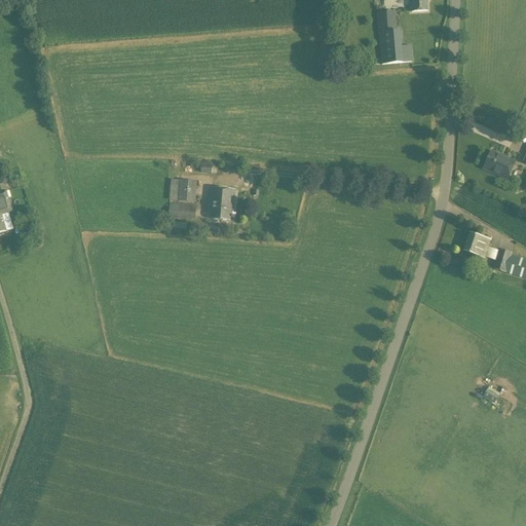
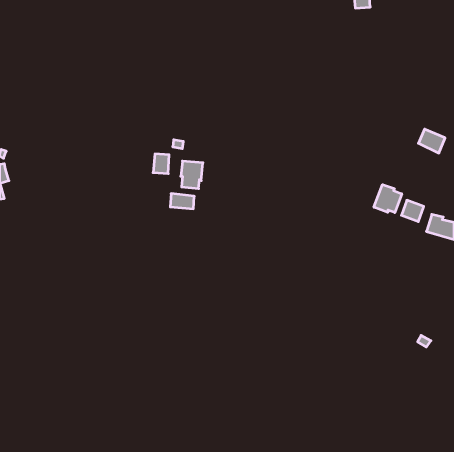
building: [375,9,412,63] -> none
building: [167,200,195,218] -> [170,194,194,209]
building: none -> [374,185,402,213]

